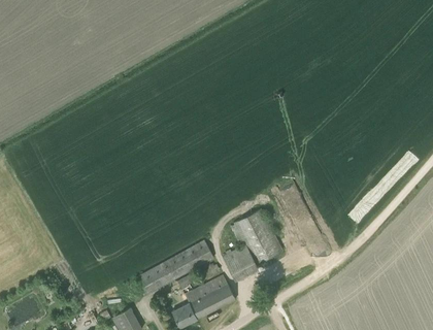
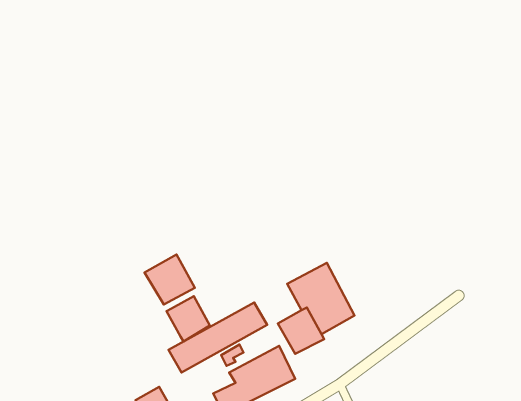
building: none -> [145,255,195,305]
building: none -> [167,296,210,341]

